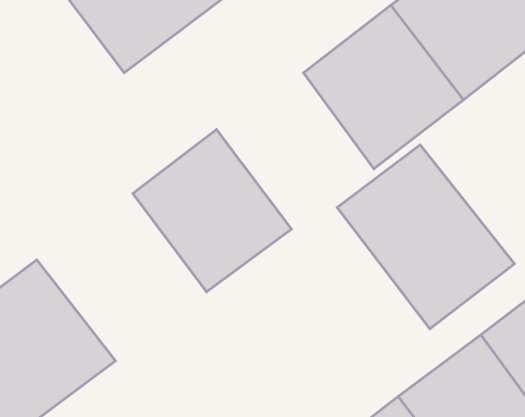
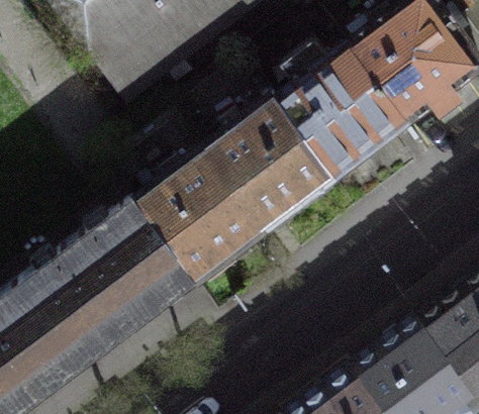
building: none -> [217,88,347,221]
building: [337,145,514,329] -> none
building: none -> [70,189,209,329]

